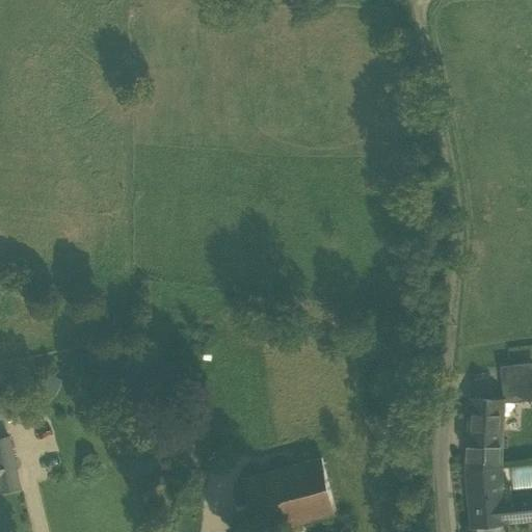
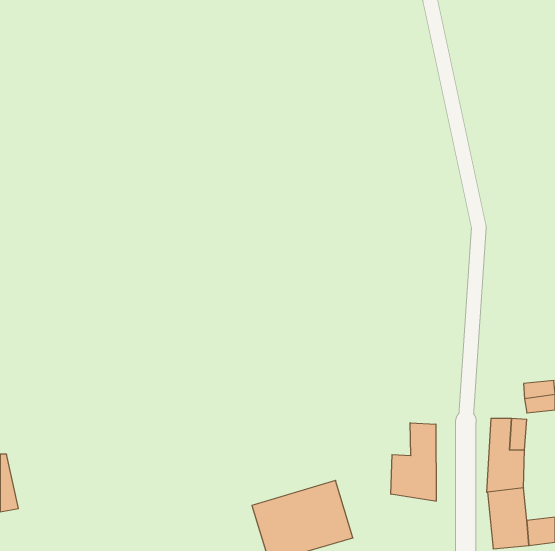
building: none -> [391,423,436,501]

